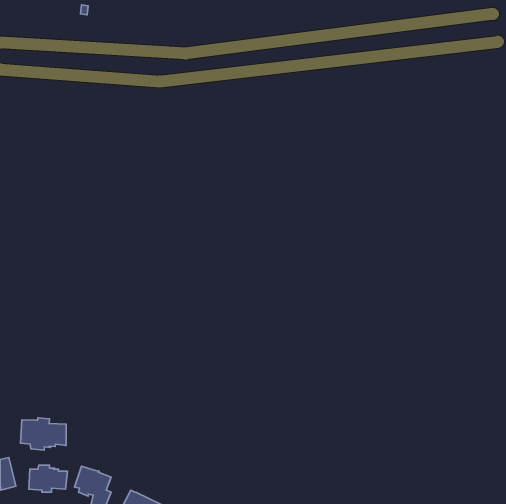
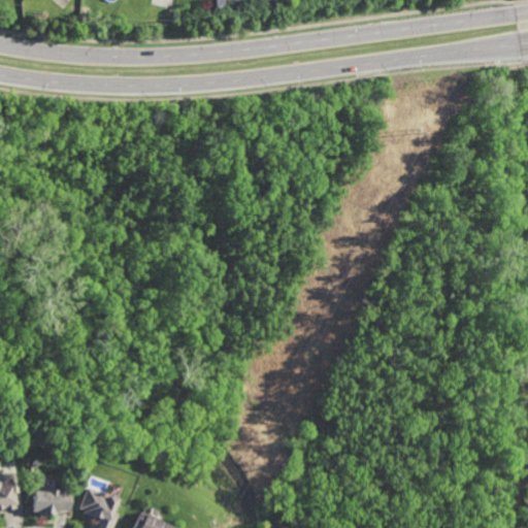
building: [21,418,66,450] -> none

